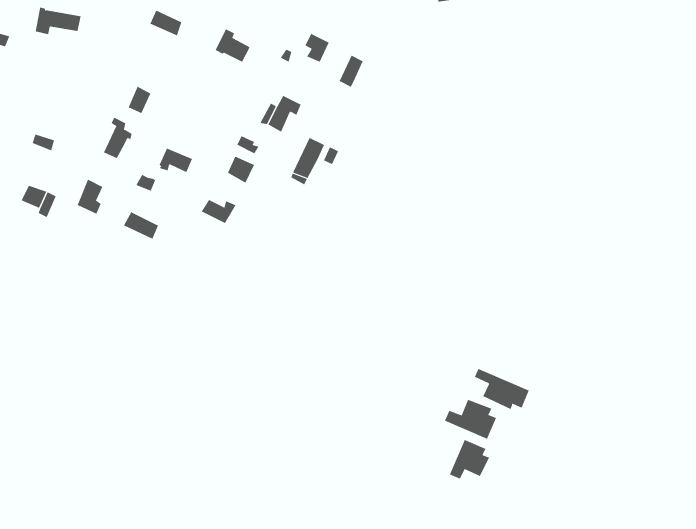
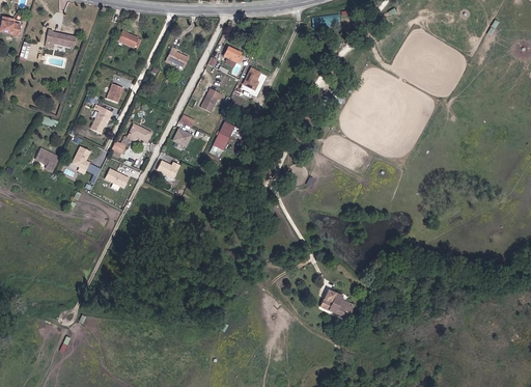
building: [474,368,529,410] -> none
building: [449,439,490,480] -> none

